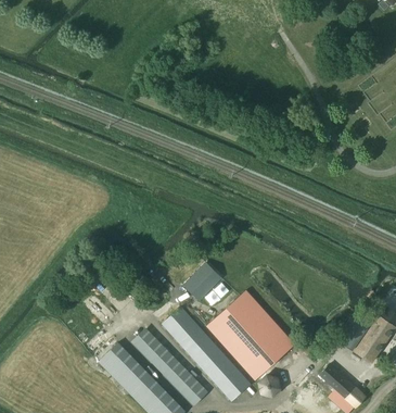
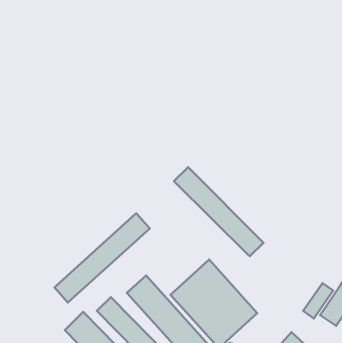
building: none -> [174,167,264,256]
building: none -> [55,214,150,302]
building: [183,262,220,299] -> none

